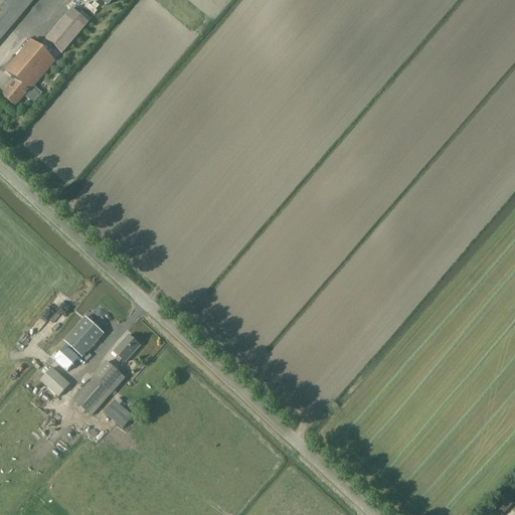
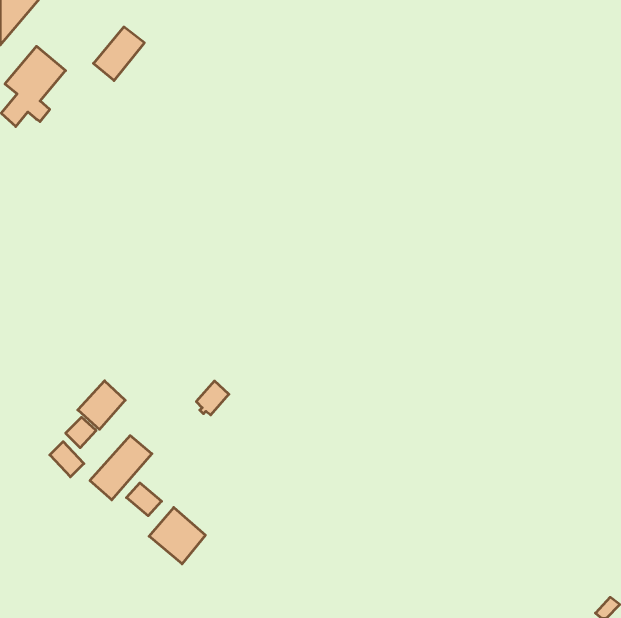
building: [45,7,88,51] -> [93,27,144,81]
building: [114,332,141,360] -> [196,381,229,415]
building: none -> [149,507,205,564]

